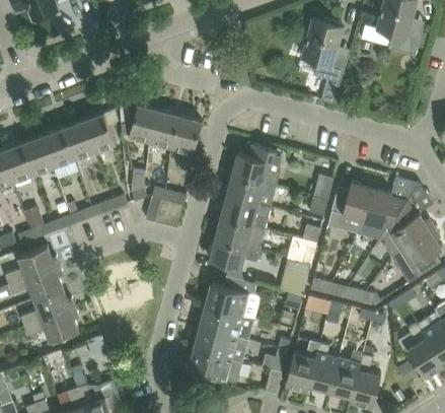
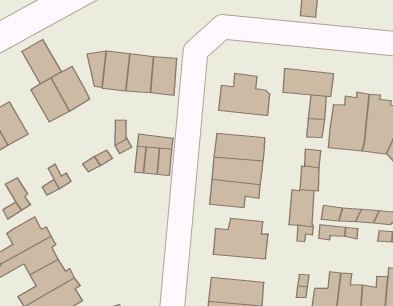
building: [42,128,75,168] -> [22,39,61,84]
building: [227,175,277,207] -> [283,69,334,96]
building: [201,306,253,340] -> none

